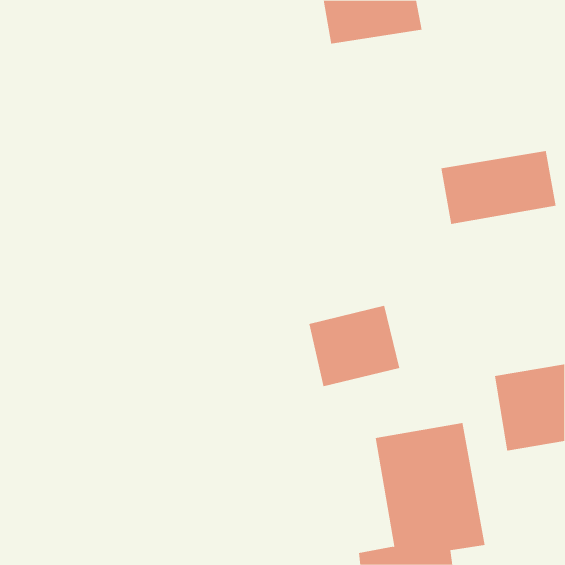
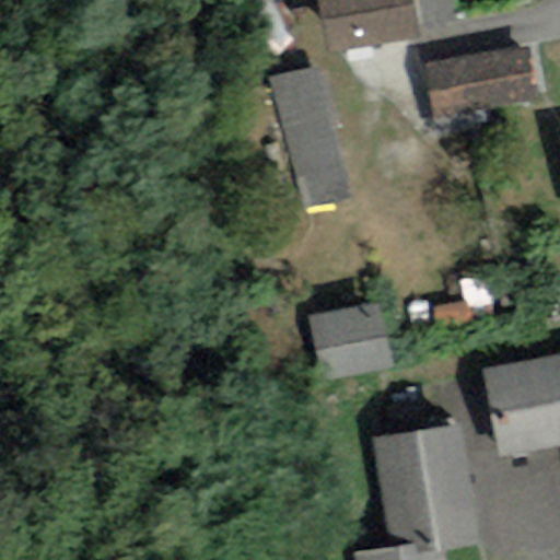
building: none -> [256,66,355,217]
building: [440,150,557,224] -> [425,43,540,116]

